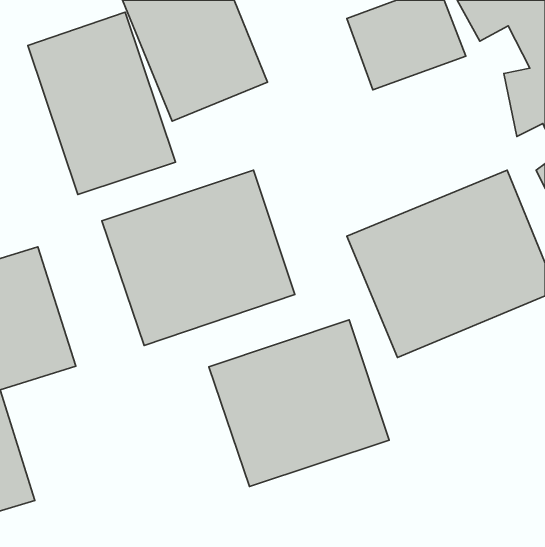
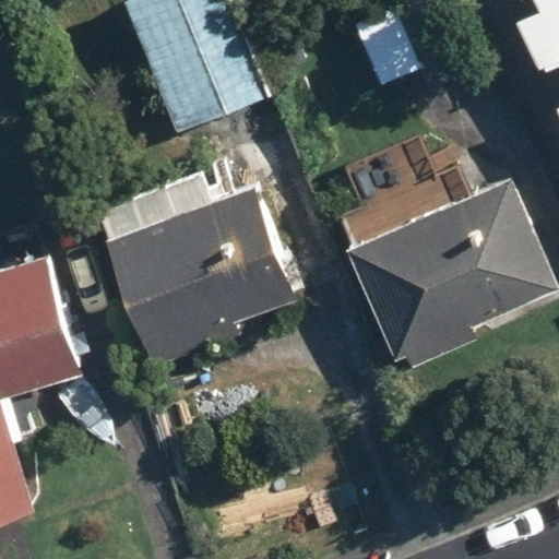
building: [28,12,176,195] -> none
building: [209,320,389,487] -> none

